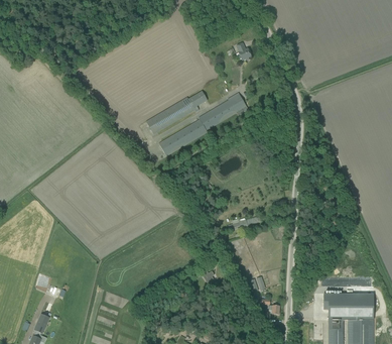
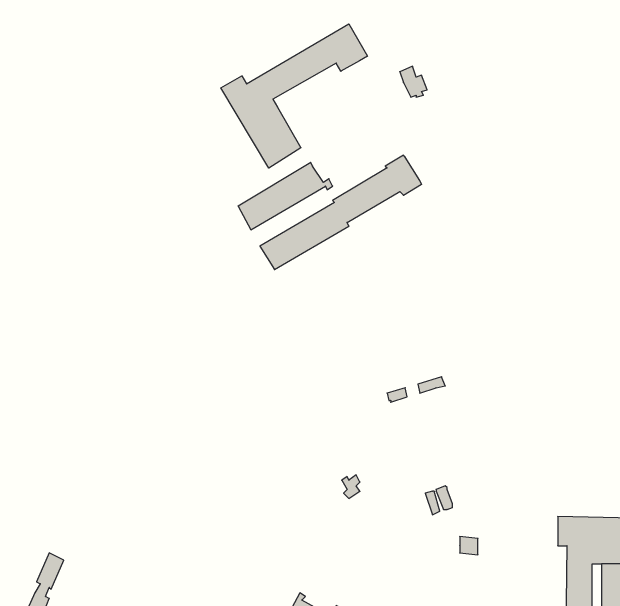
building: none -> [221,24,367,168]

